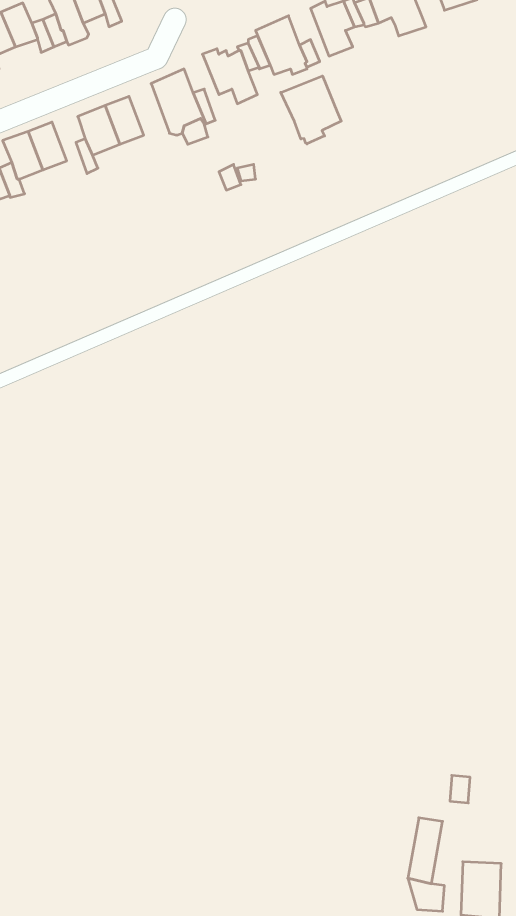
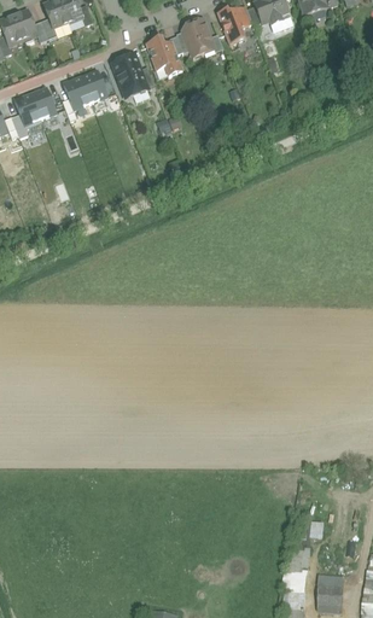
building: [281,76,341,144] -> none

